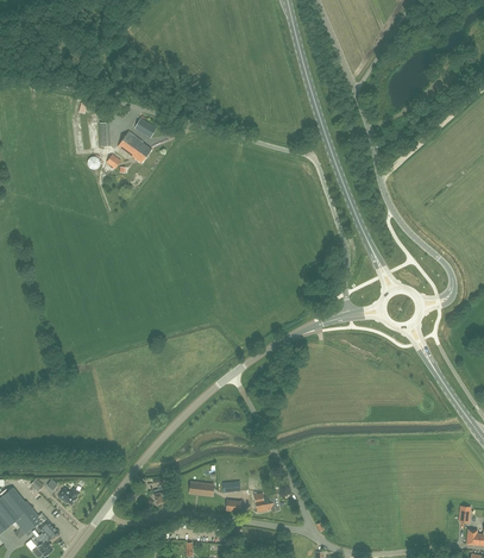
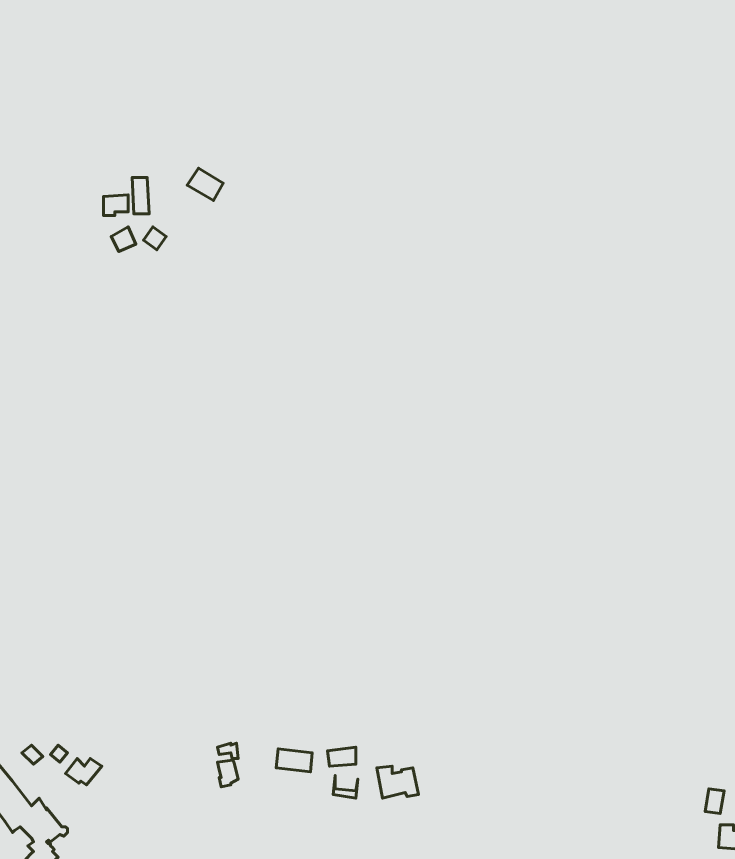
building: [117,132,151,163] -> none

